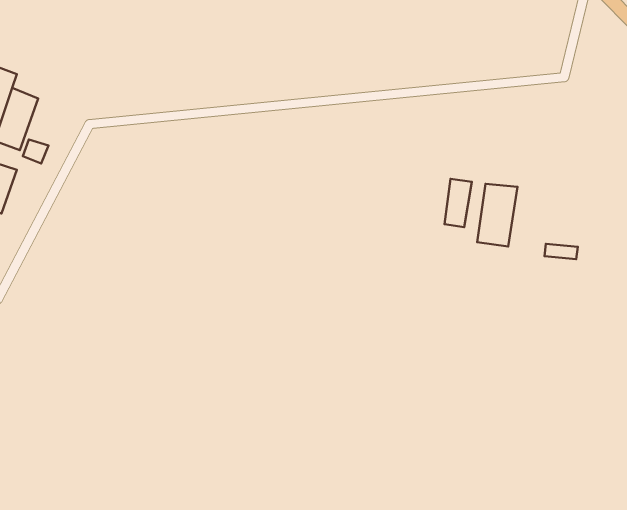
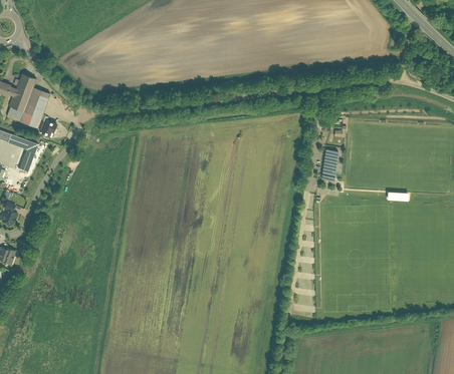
building: [477,184,517,246] -> none

